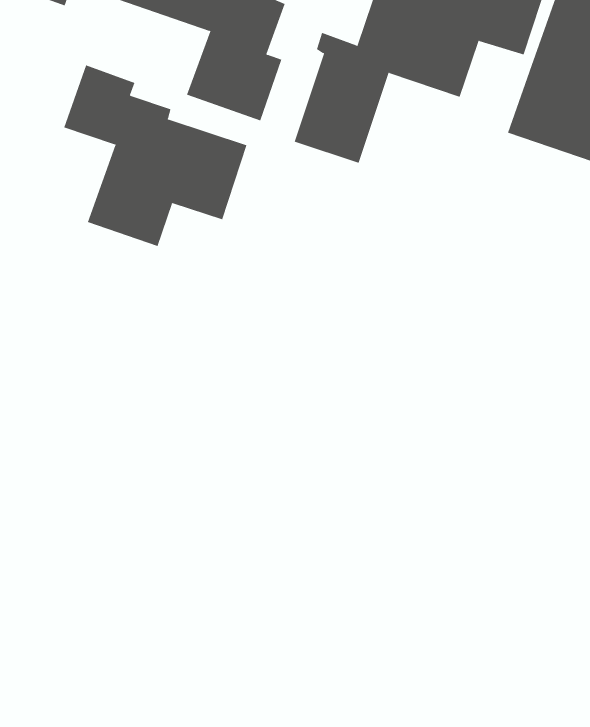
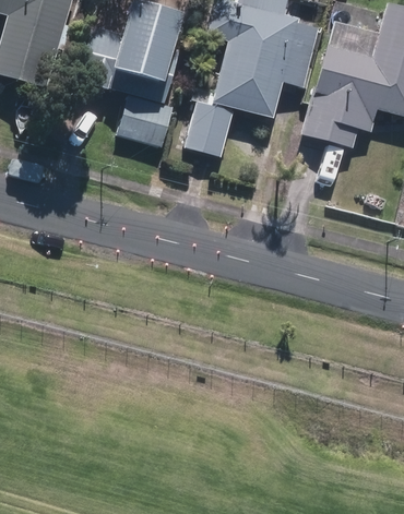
building: [64,65,247,247] -> none

